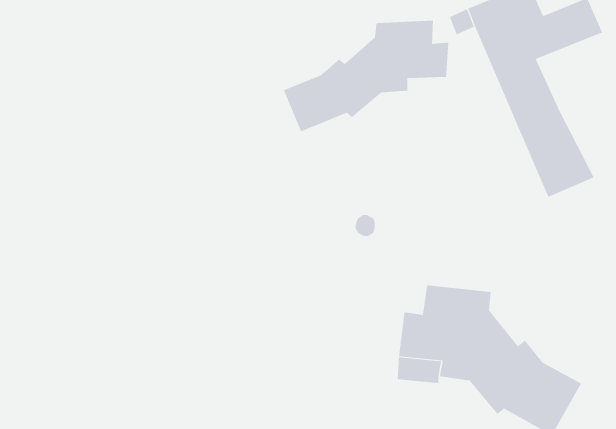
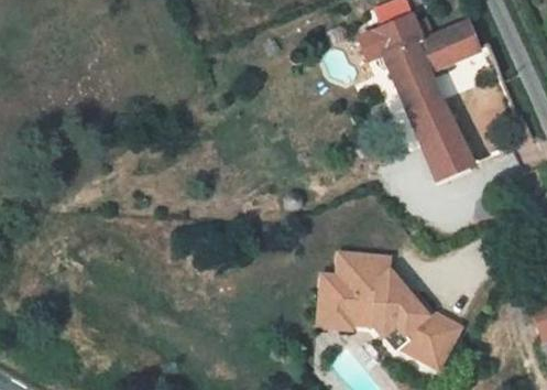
building: [283,20,449,132] -> none

